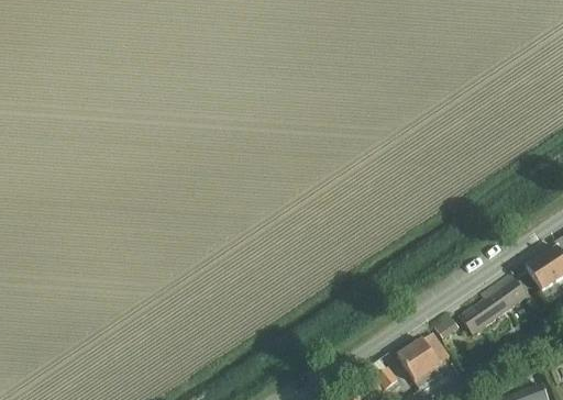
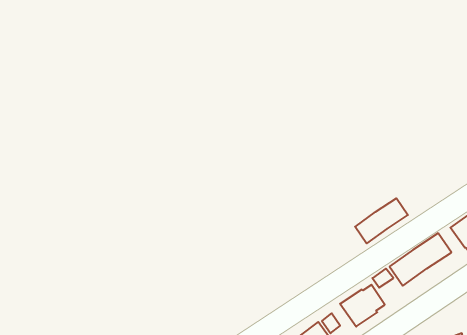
building: none -> [355,198,408,243]

